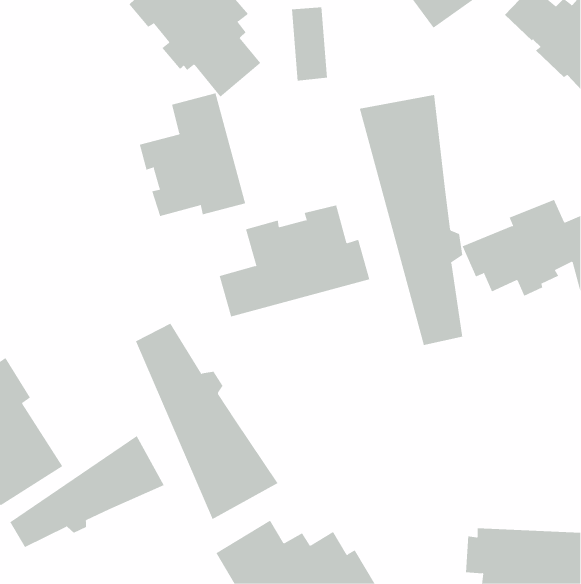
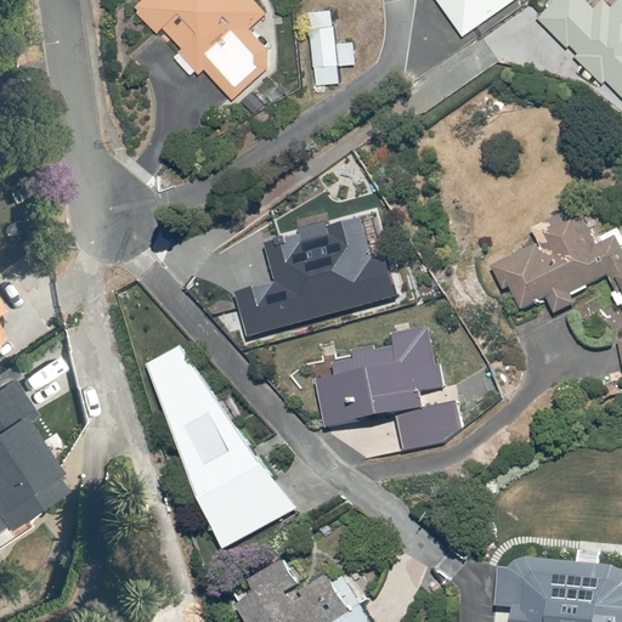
building: [139,93,246,217] -> none
building: [359,94,463,346] -> none
building: none -> [315,323,466,451]
building: [9,435,164,548] -> none

